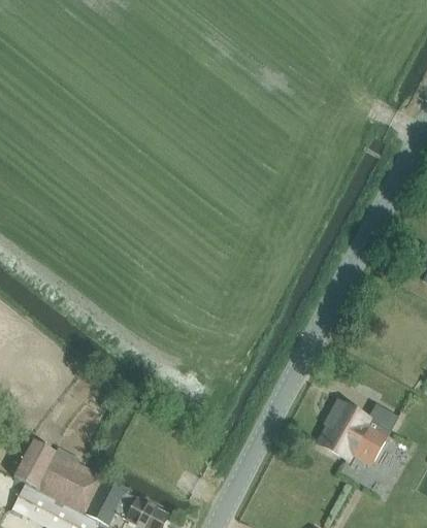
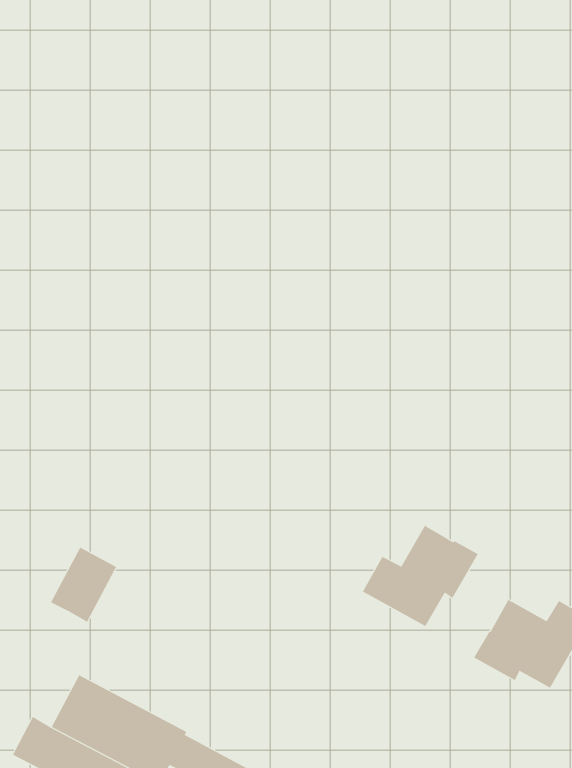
building: none -> [362,524,479,627]
building: [13,438,58,489] -> [50,547,117,623]

